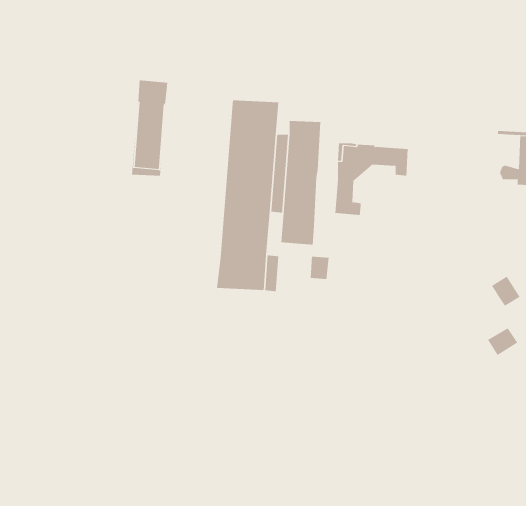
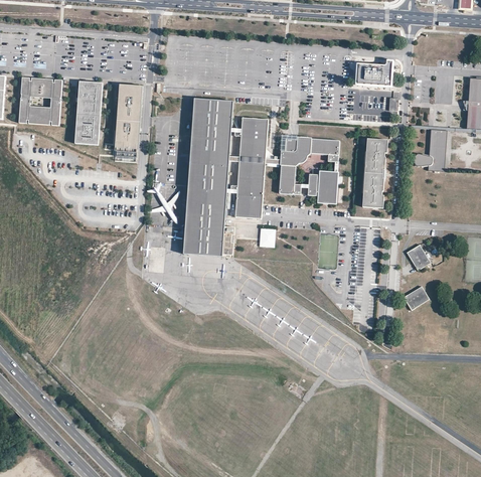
building: none -> [356,60,392,86]
building: none -> [19,76,62,122]
building: none -> [74,81,103,145]
building: none -> [362,138,388,207]
building: none -> [308,170,339,204]

